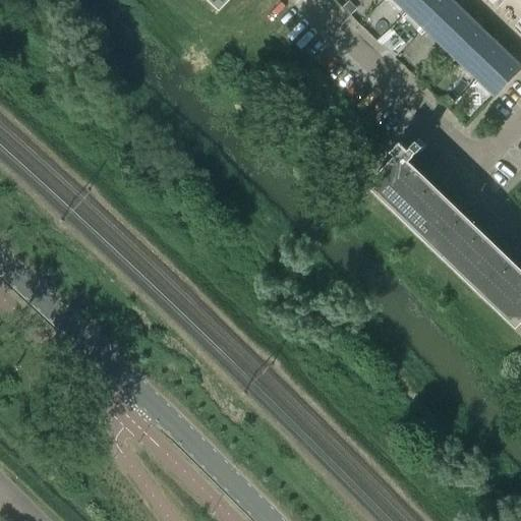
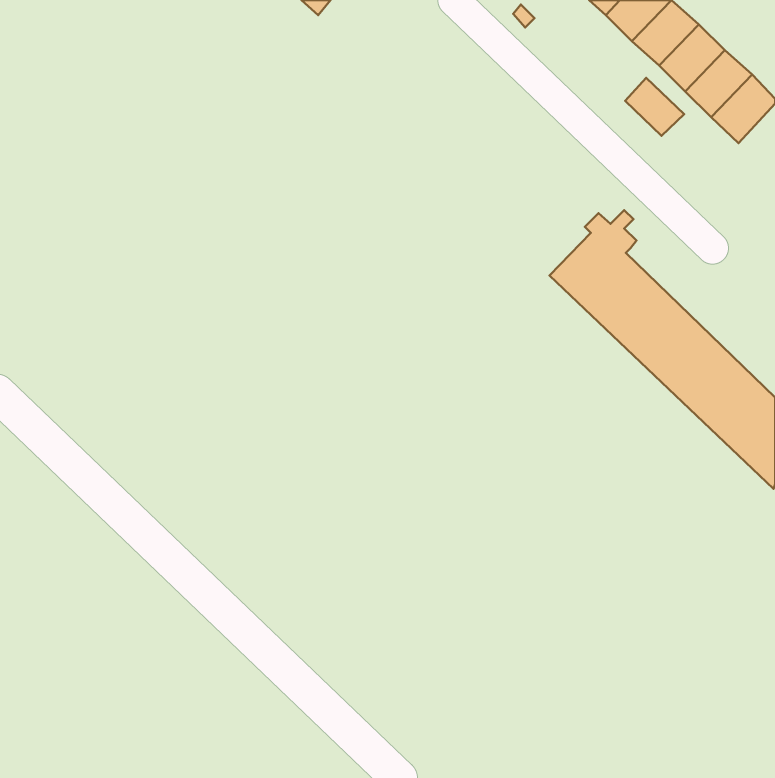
building: none -> [625,78,684,136]

